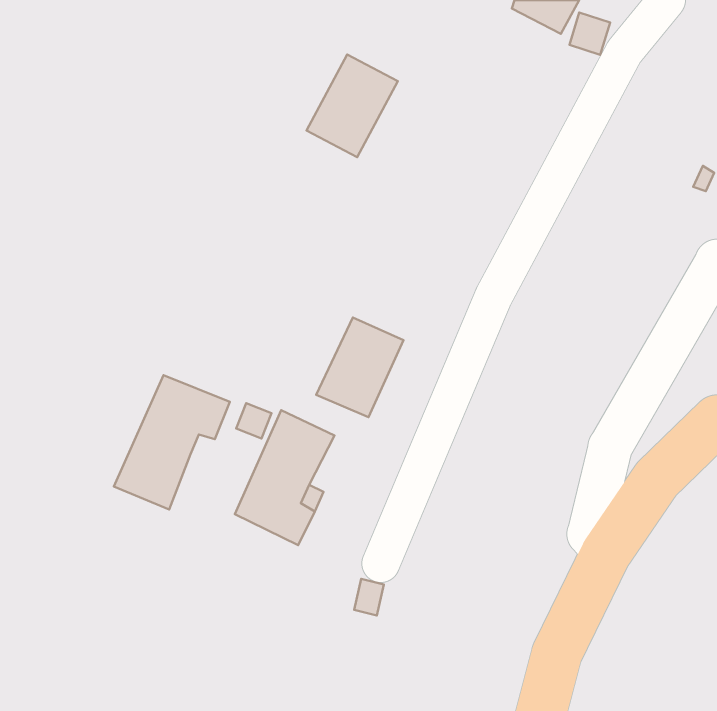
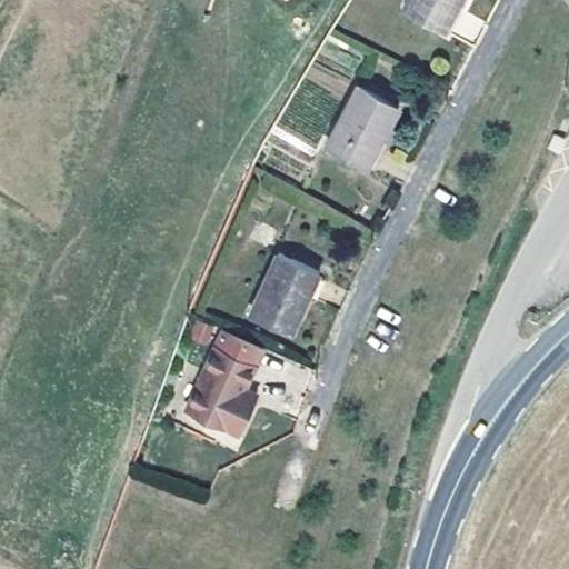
building: [306,55,398,157] -> [326,89,398,170]
building: [114,375,230,509] -> none

